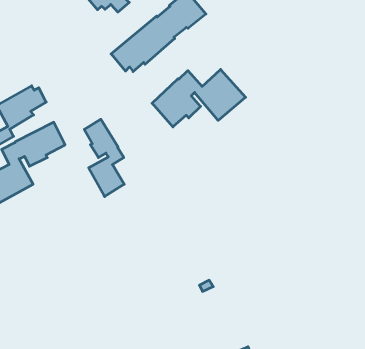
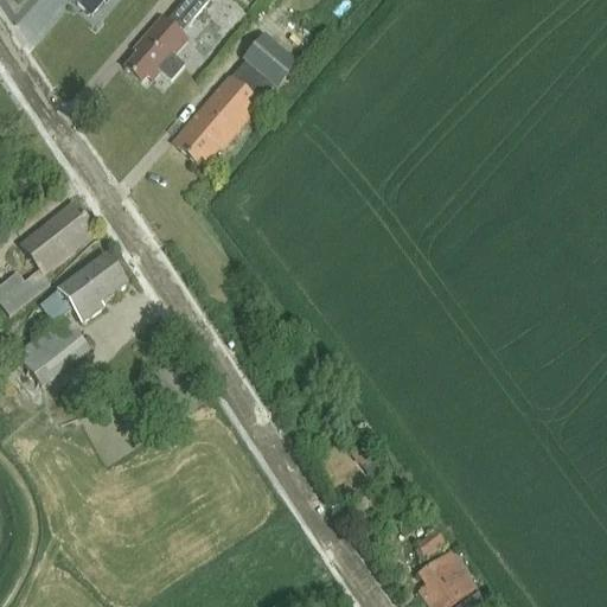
building: [152,69,246,127] -> none
building: [84,119,124,197] -> none

